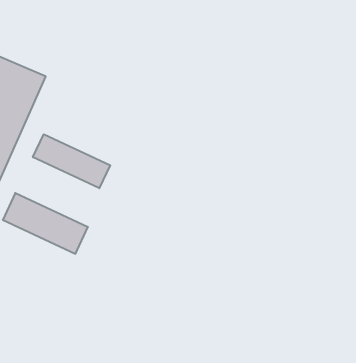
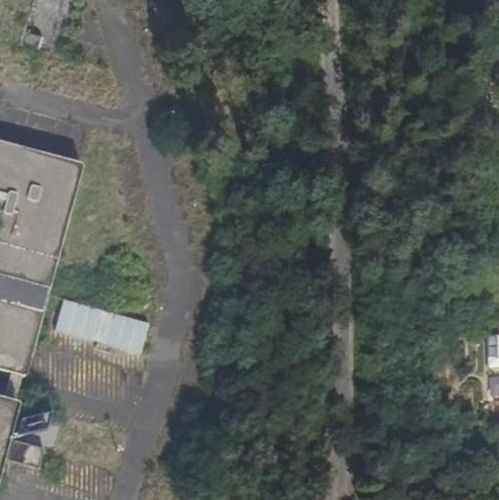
building: [33,134,110,188] -> none

